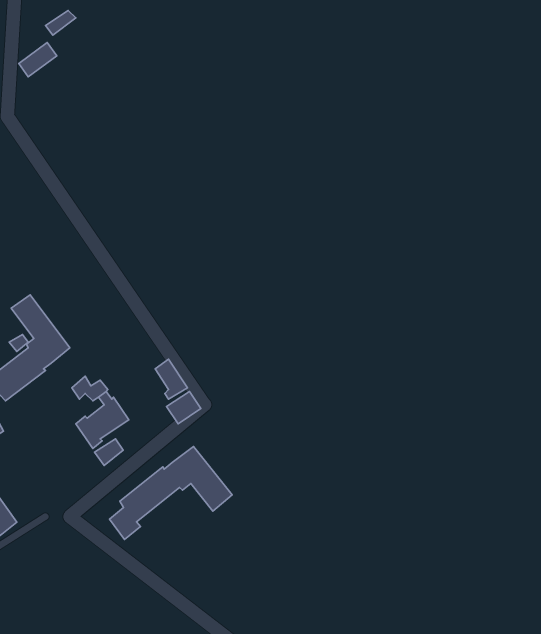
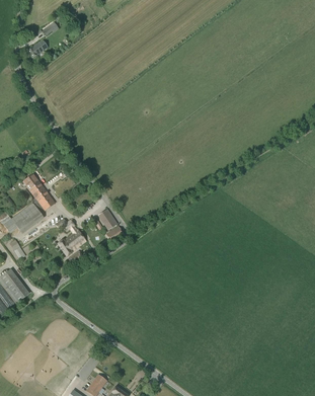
building: [110,447,232,539] -> none

